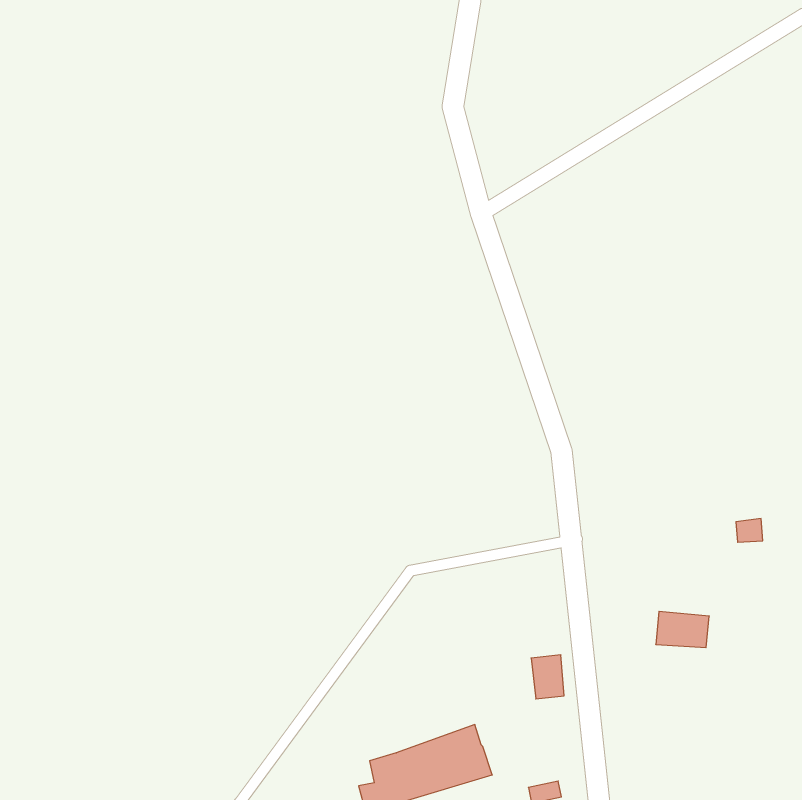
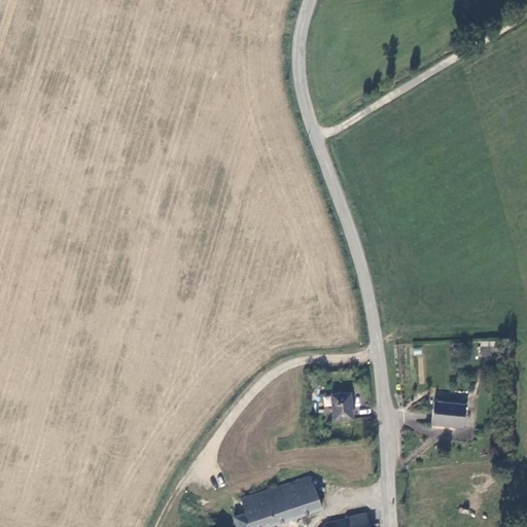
building: [531,655,564,699] -> [326,393,348,422]

